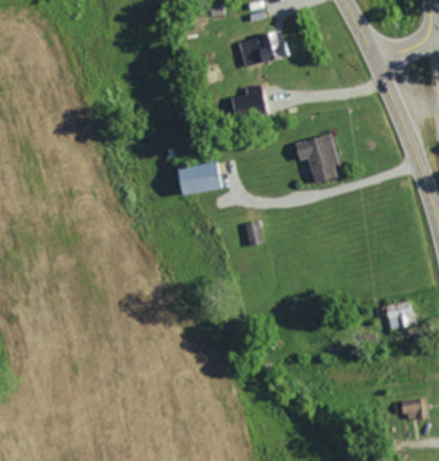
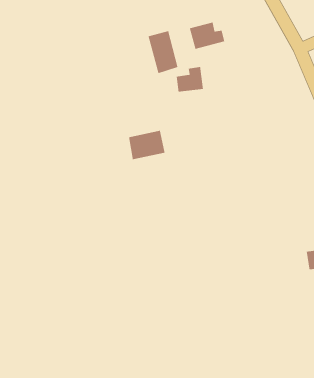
building: none -> [148,30,179,74]
building: [292,132,339,183] -> none

